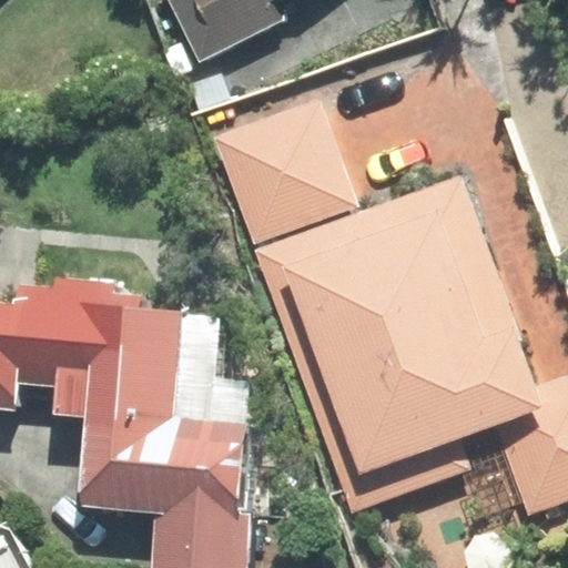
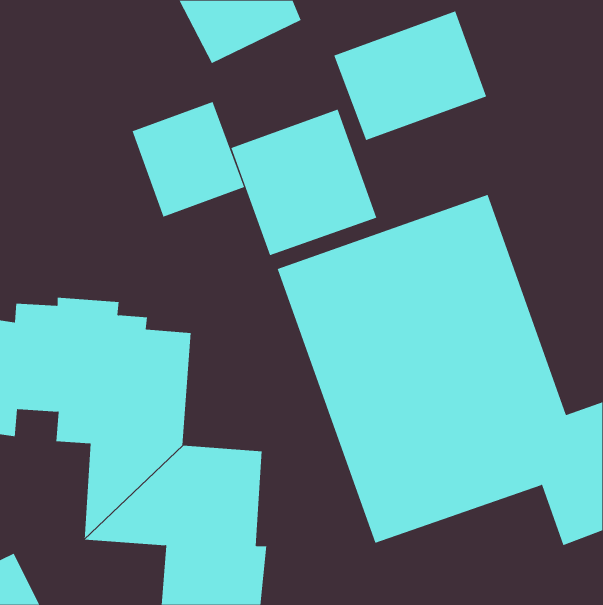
building: none -> [333,11,487,141]
building: none -> [132,101,245,217]

